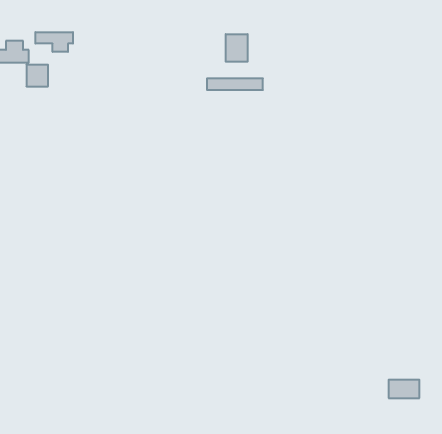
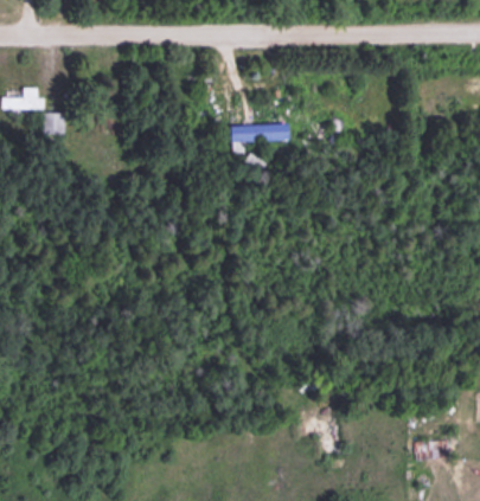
building: [35,32,73,52] -> none
building: [226,34,248,62] -> none

